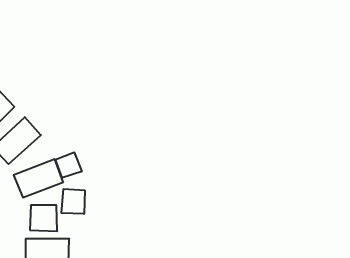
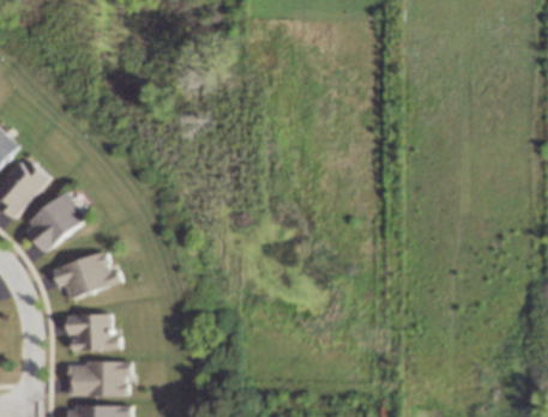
building: [56,152,82,178] -> none
building: [61,189,85,214] -> none

